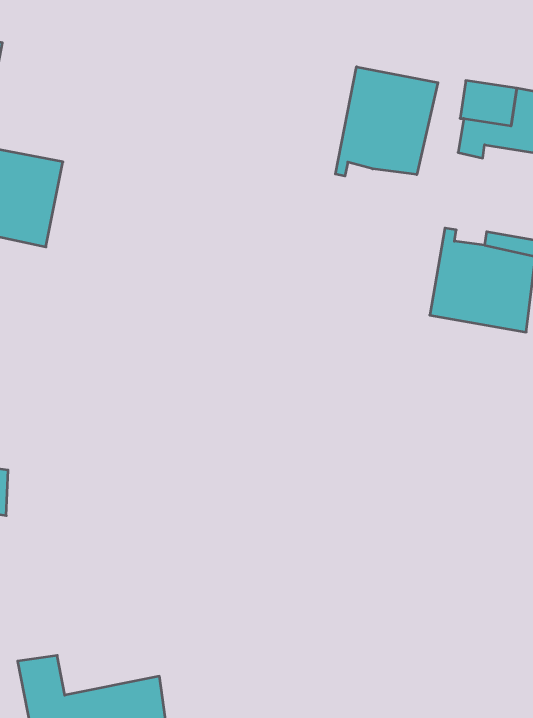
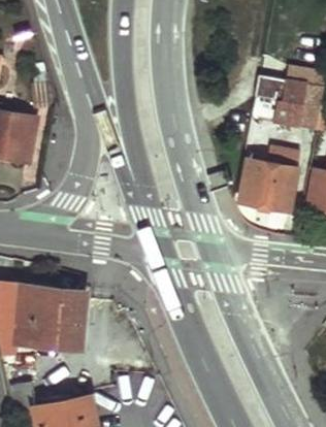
building: [335,67,438,176] -> none
building: none -> [9,285,84,346]

